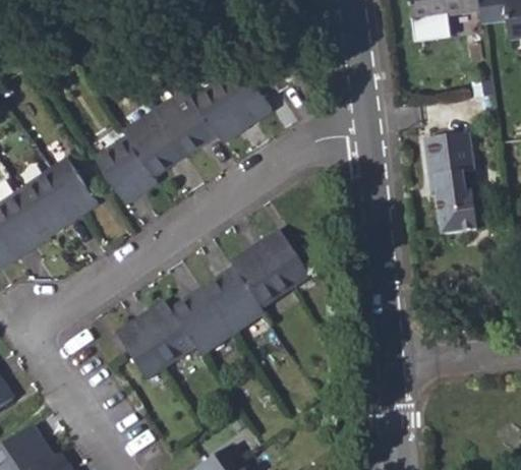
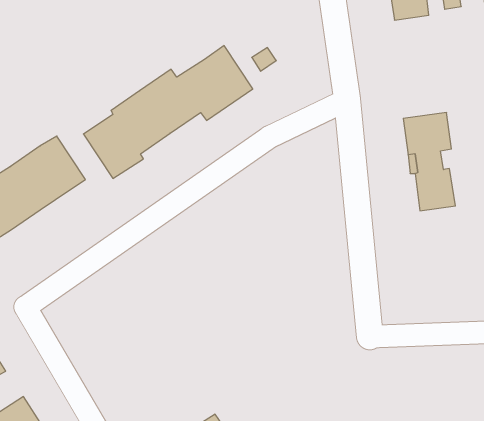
building: [114,229,308,379] -> none

